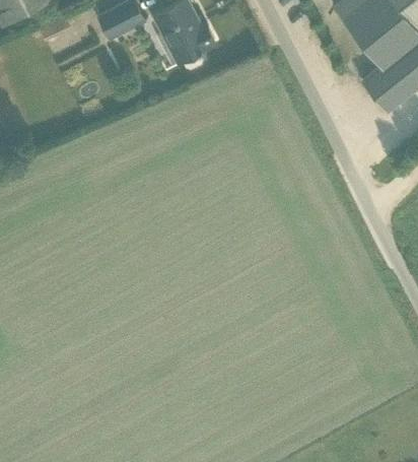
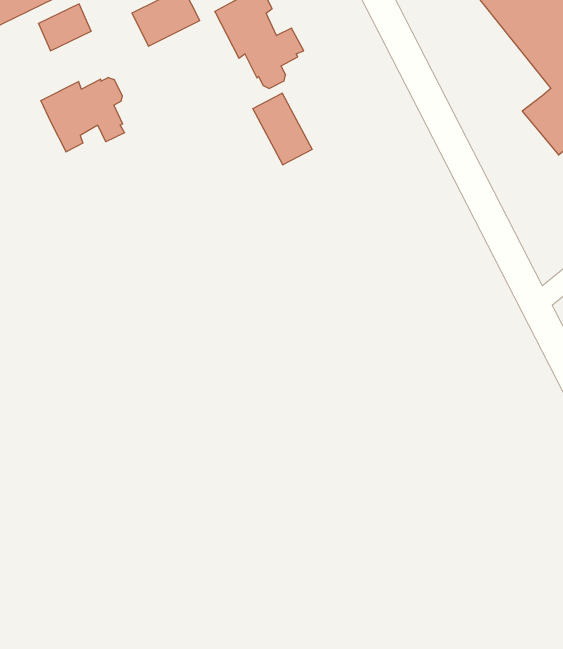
building: none -> [41,77,125,152]
building: none -> [253,93,312,165]

